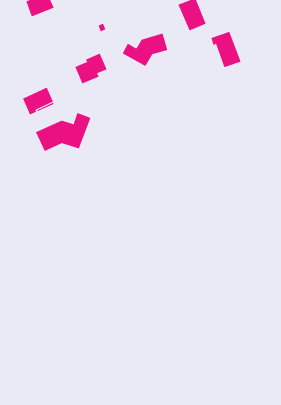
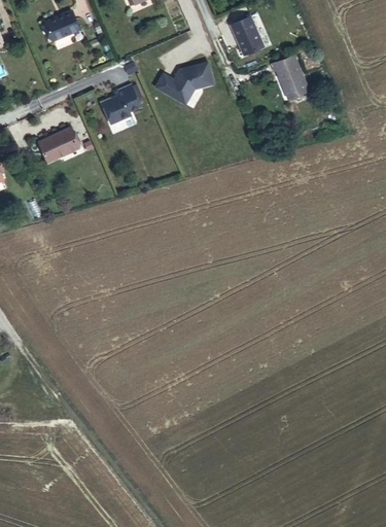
building: [35,112,91,152] -> none

